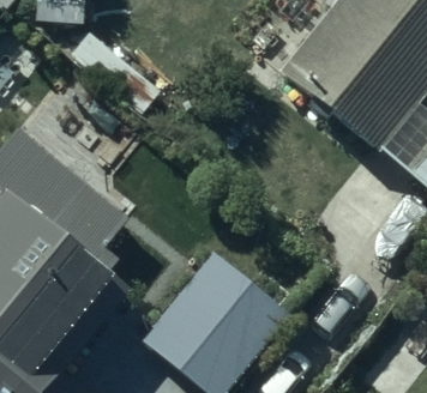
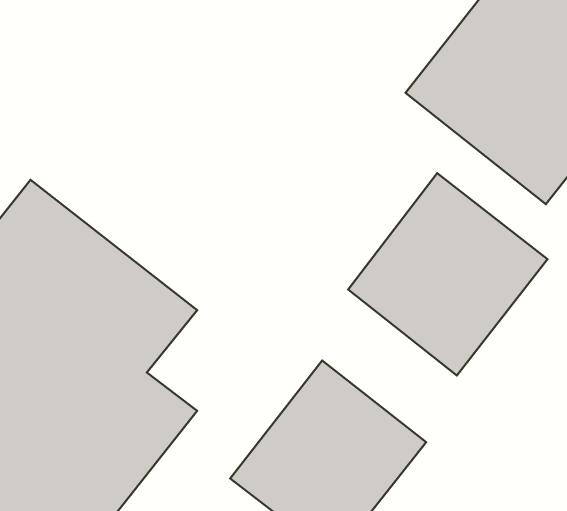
building: none -> [348,173,547,376]

